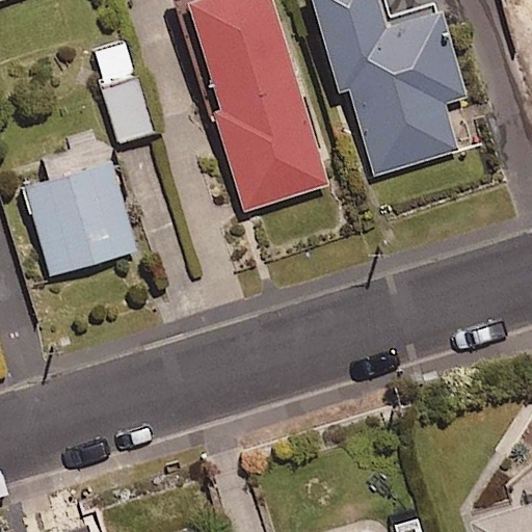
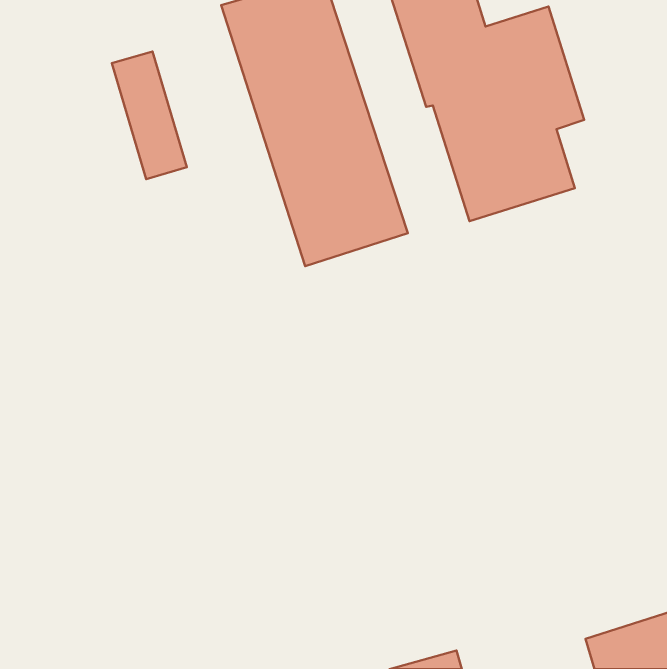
building: [25,165,140,276] -> none

